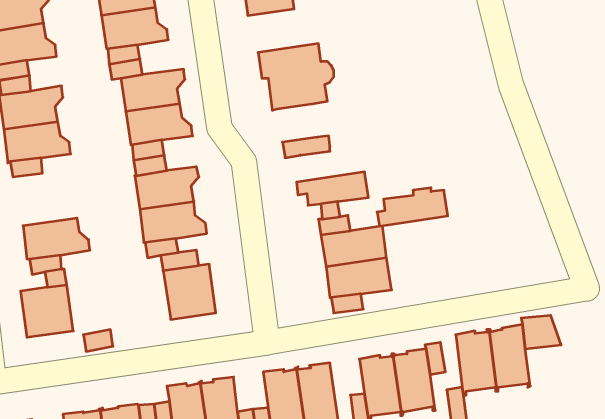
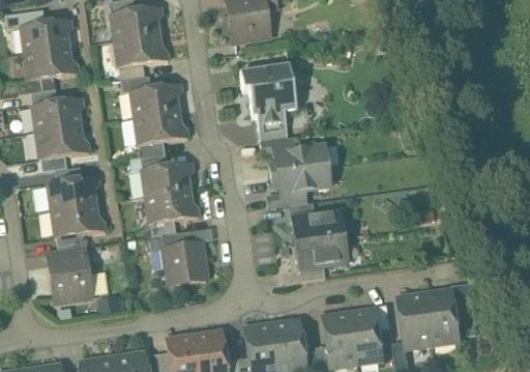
building: none -> [256,111,288,142]
building: none -> [47,175,98,209]
building: [377,188,448,226] -> [269,143,326,174]

